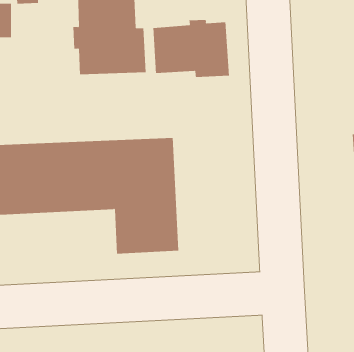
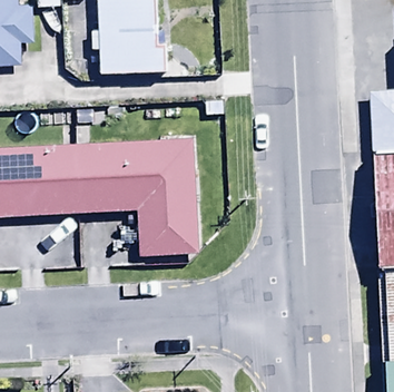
building: [153,19,230,78] -> none

